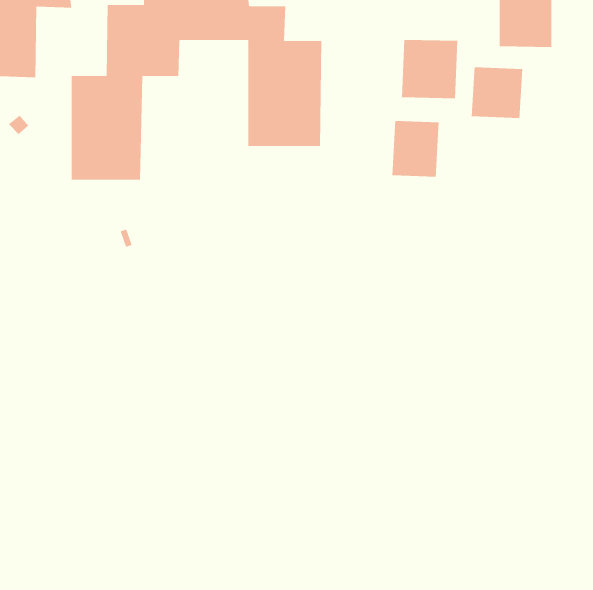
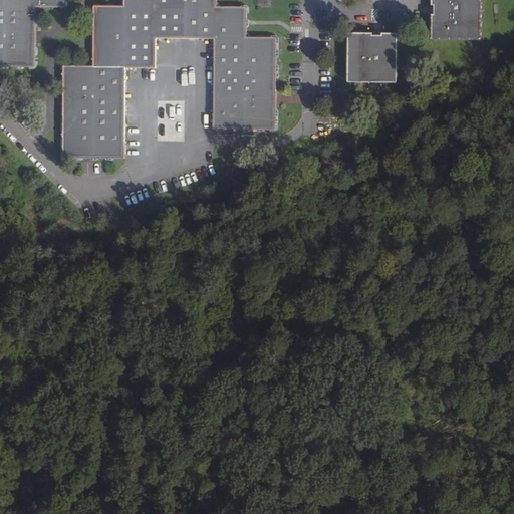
building: [471,66,523,119] -> none
building: [392,120,439,178] -> none

